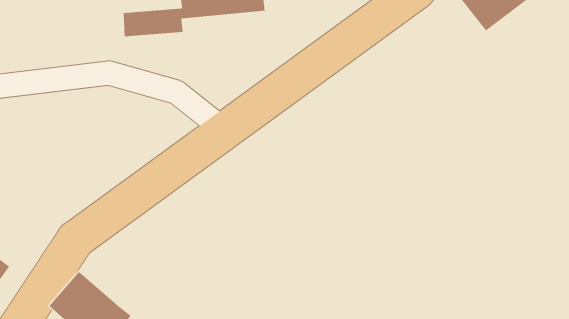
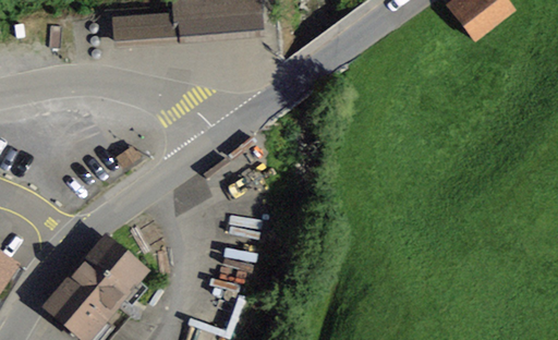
building: none -> [80,239,144,304]

